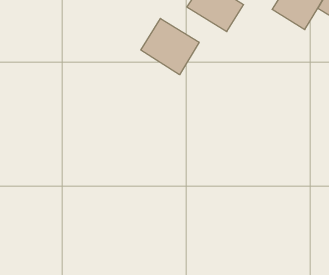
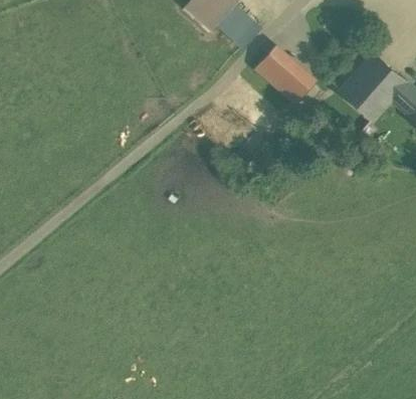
building: [141,18,199,75] -> none

